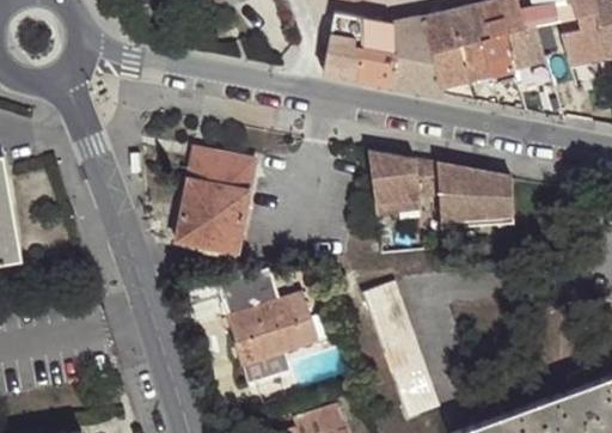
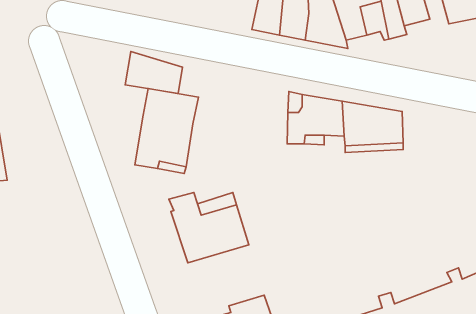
building: none -> [125,52,182,94]
building: [366,282,440,417] -> none

